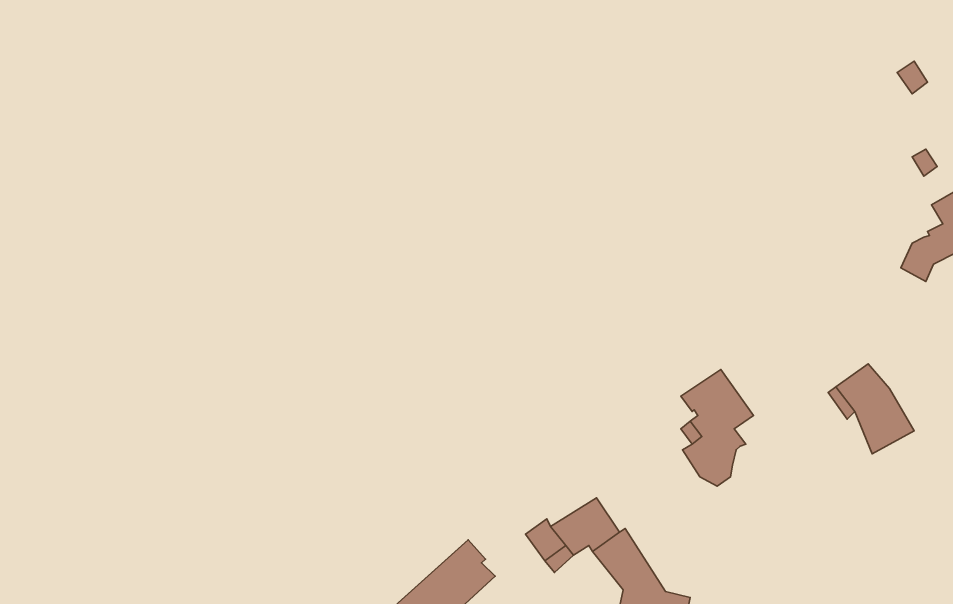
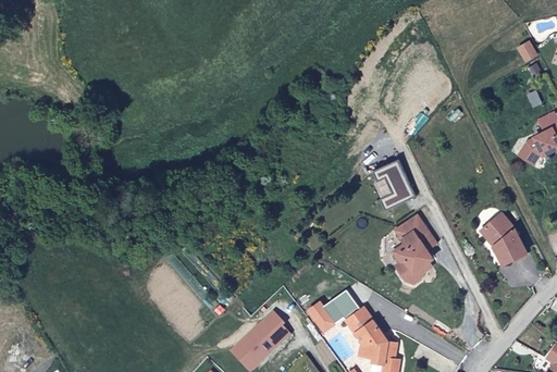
building: none -> [371,158,414,209]

